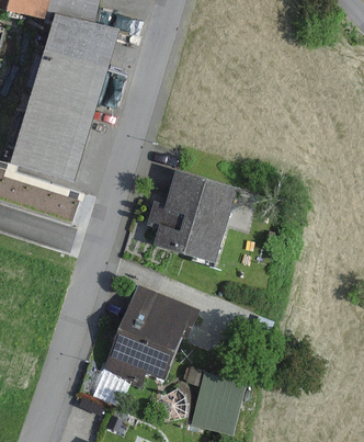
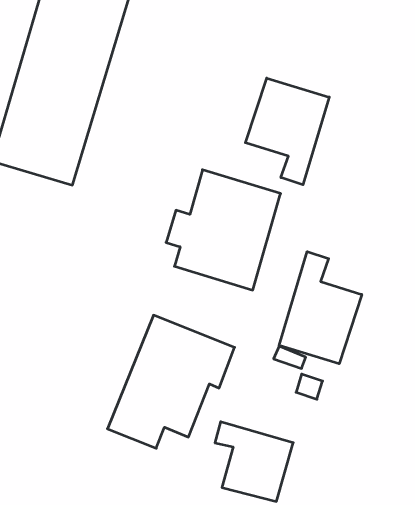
building: none -> [245,78,329,185]
building: none -> [279,252,362,364]

